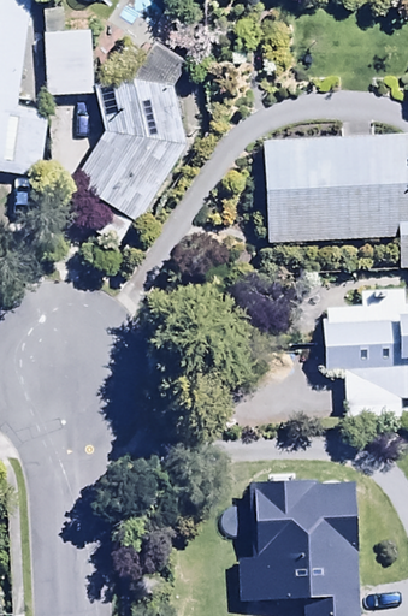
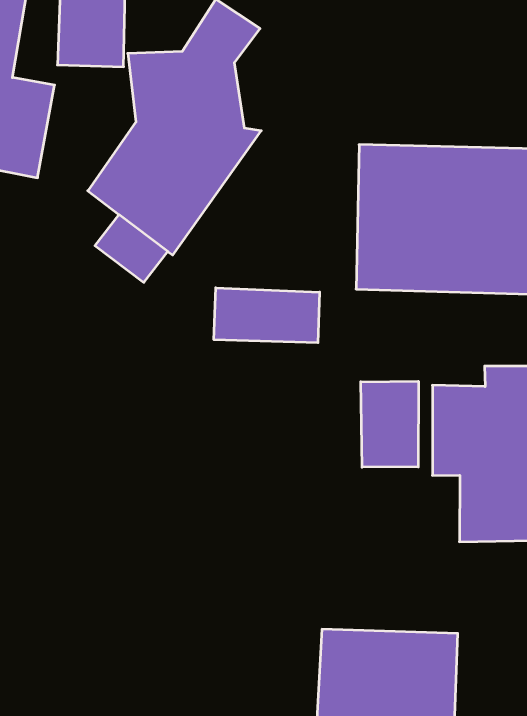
building: none -> [214,288,320,343]
building: none -> [361,381,418,467]

